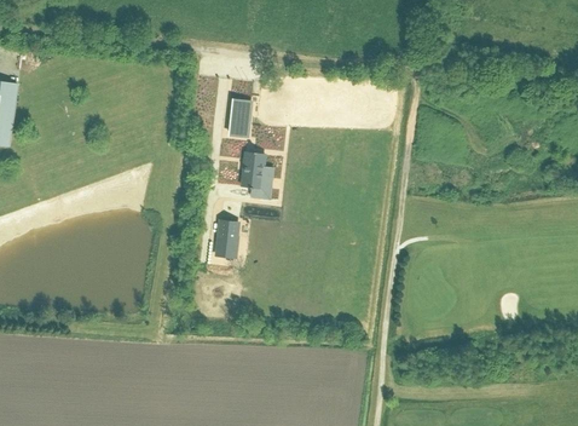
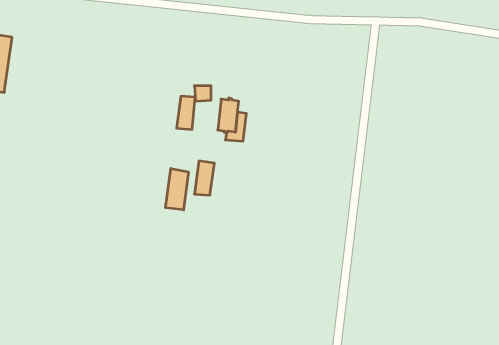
building: [229,99,249,136] -> [177,96,195,129]
building: none -> [166,168,188,210]

